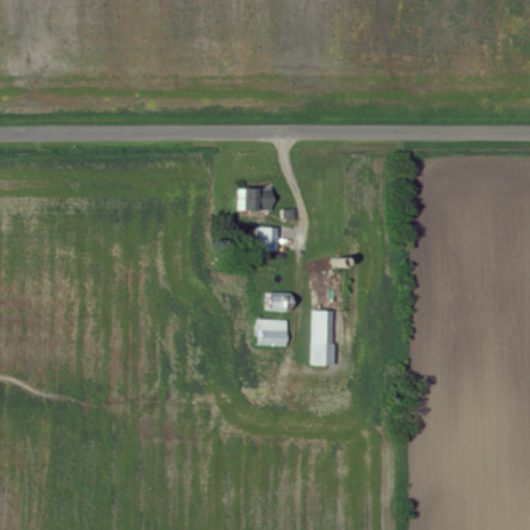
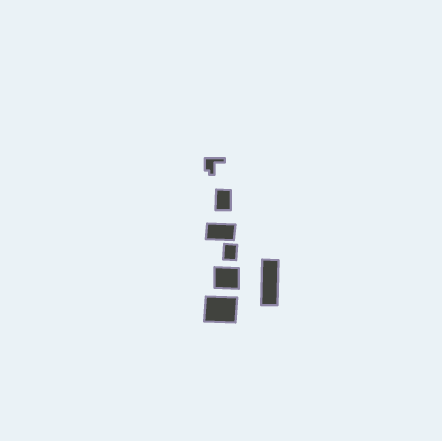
building: none -> [206,223,235,240]
building: none -> [204,296,237,323]

